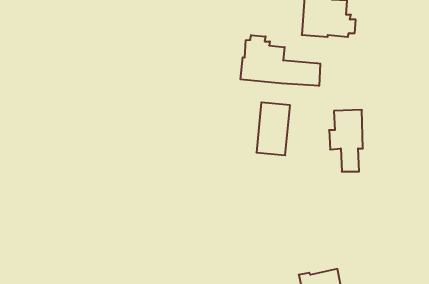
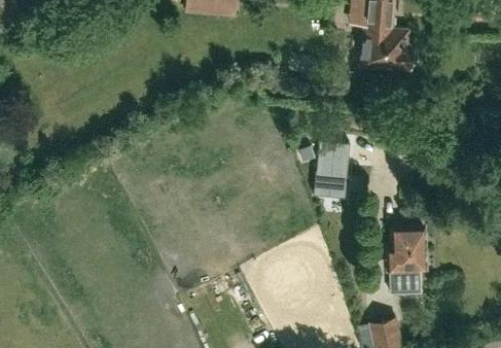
building: [241,35,320,86] -> none
building: [329,110,363,172] -> [388,230,424,295]

